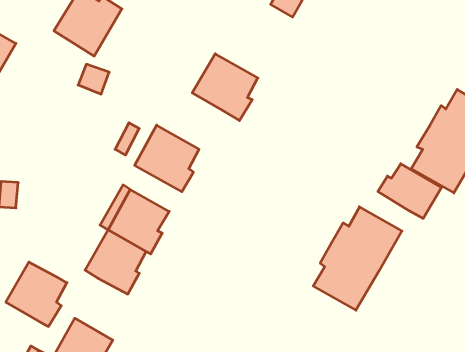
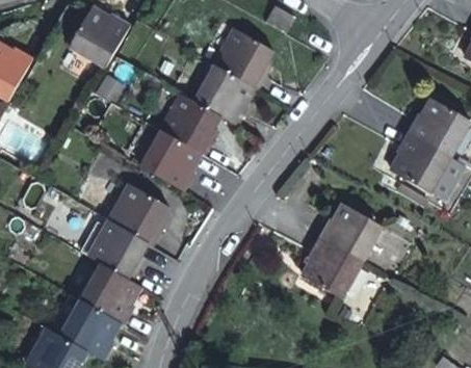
building: none -> [213,29,271,89]
building: none -> [160,95,219,154]
building: [378,164,441,218] -> none
building: [6,262,67,326] -> [86,268,141,326]

